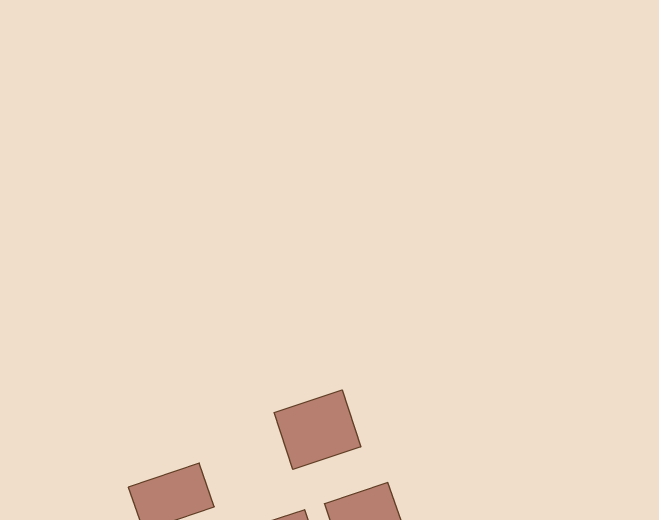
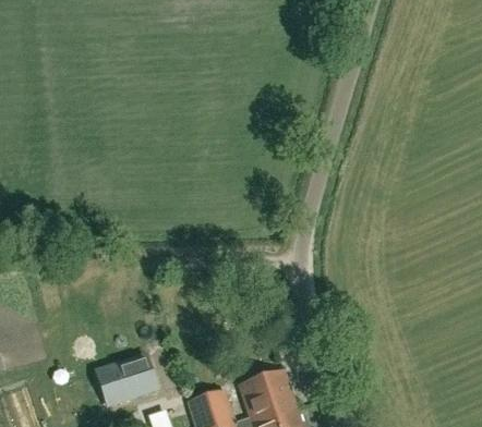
building: [274,390,361,469] -> none

